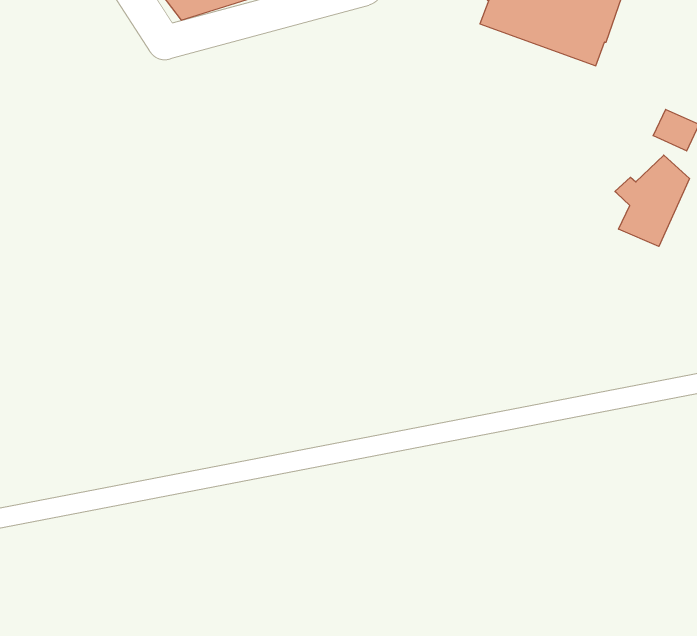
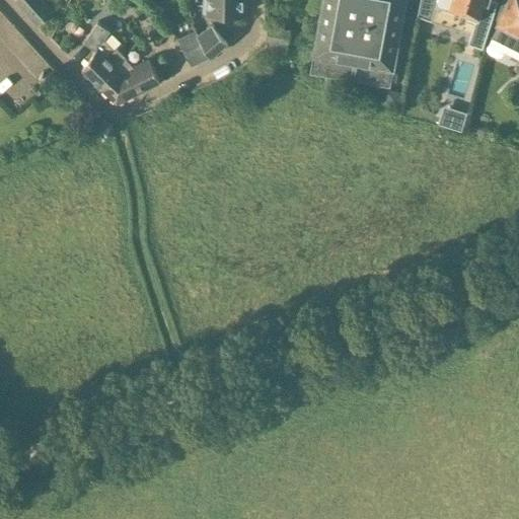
building: [615,155,690,246] -> none

